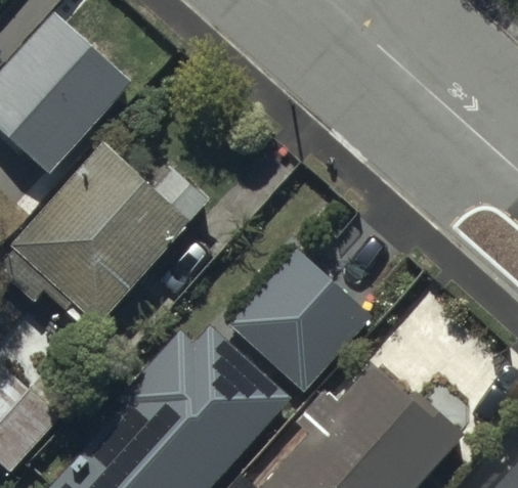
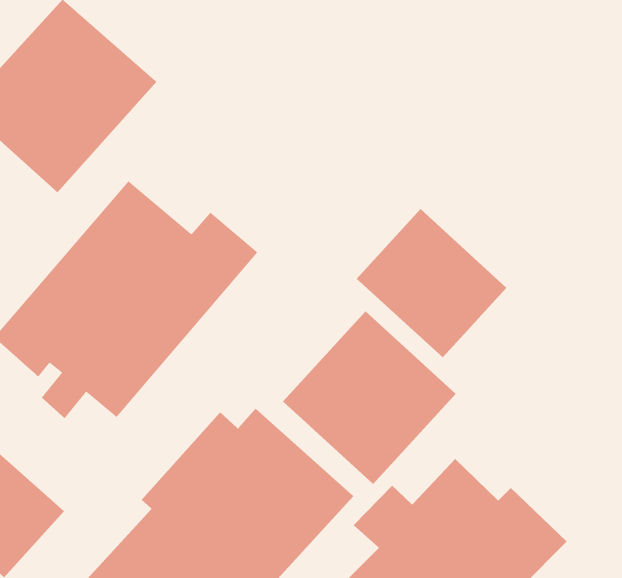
building: none -> [356,208,507,358]

